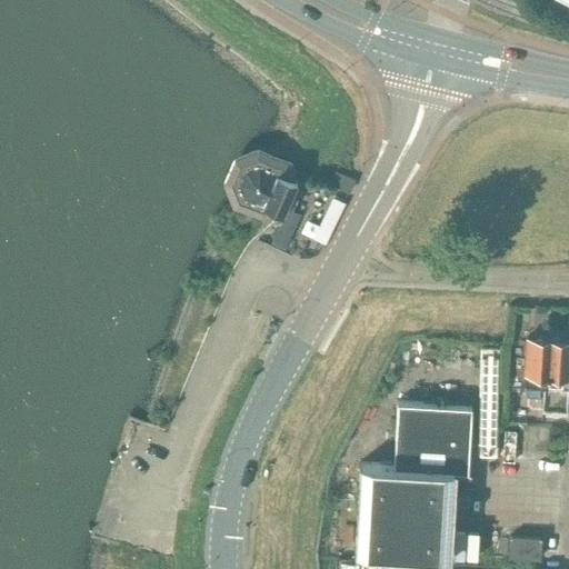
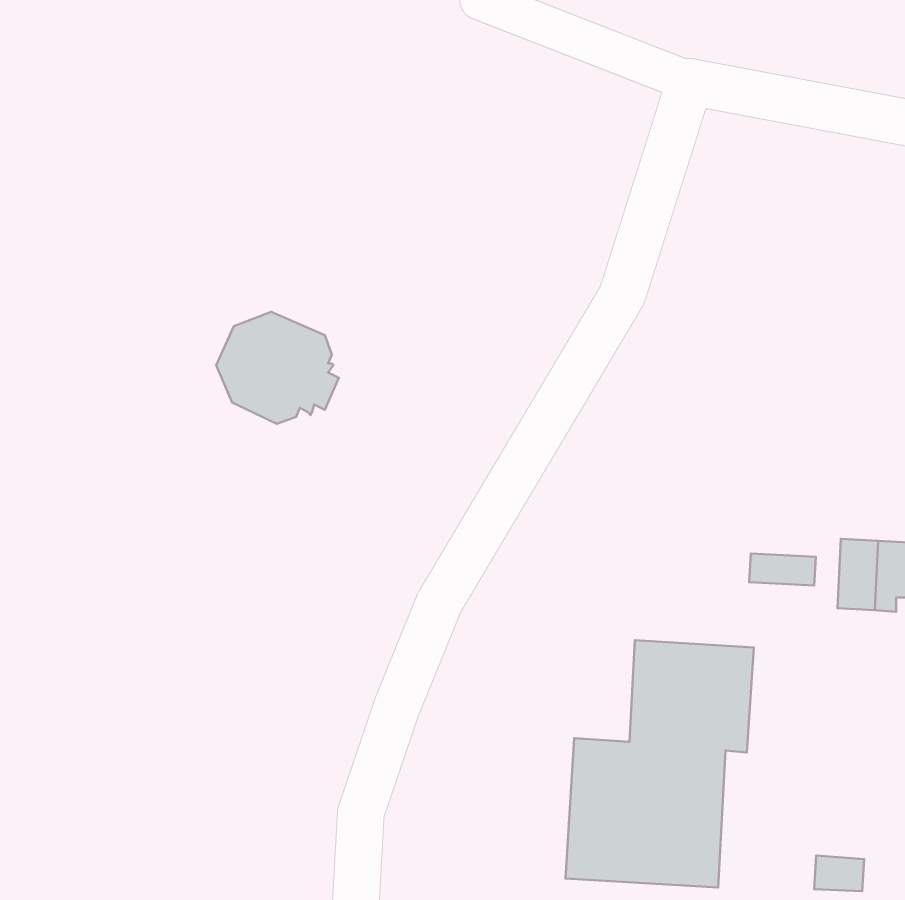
building: [226,152,302,222] -> [216,312,339,424]
building: none -> [749,553,816,586]

